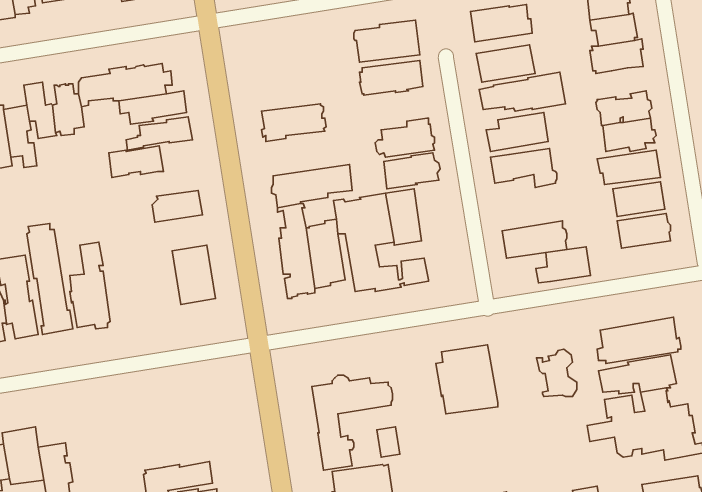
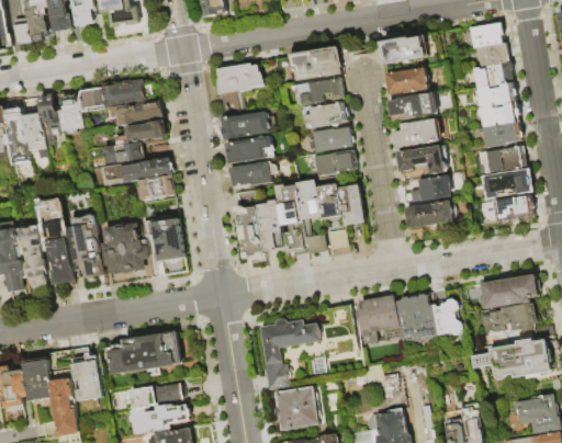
building: none -> [214,63,263,114]
building: none -> [471,82,514,107]
building: none -> [301,101,346,128]
building: none -> [223,135,272,163]
building: none -> [102,158,172,186]
building: none -> [336,172,363,225]
building: [536,247,590,283] -> [408,174,450,202]
building: none -> [101,224,149,275]
building: none -> [393,292,434,338]
building: none -> [109,331,180,377]
building: none -> [71,352,103,401]

